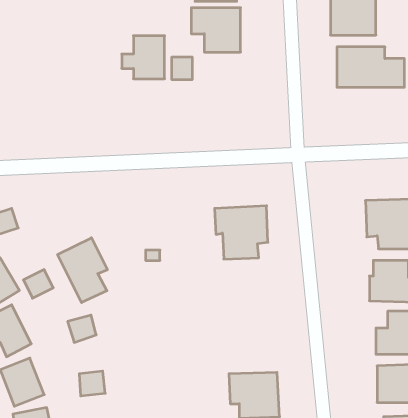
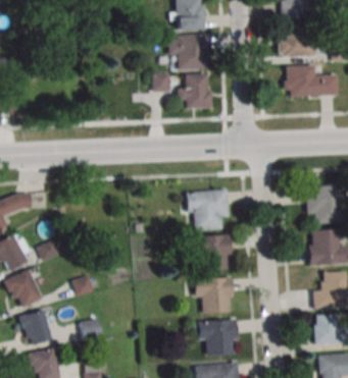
building: [122,36,165,79] -> [177,74,210,108]
building: [58,238,107,303] -> none
building: none -> [193,235,231,270]
building: none -> [194,277,233,314]

